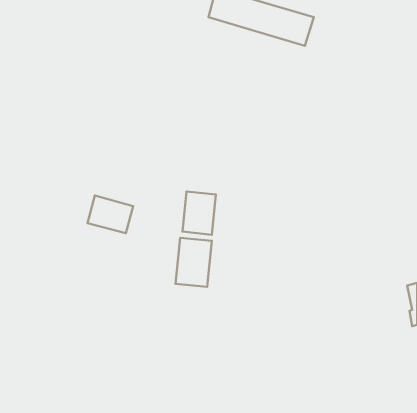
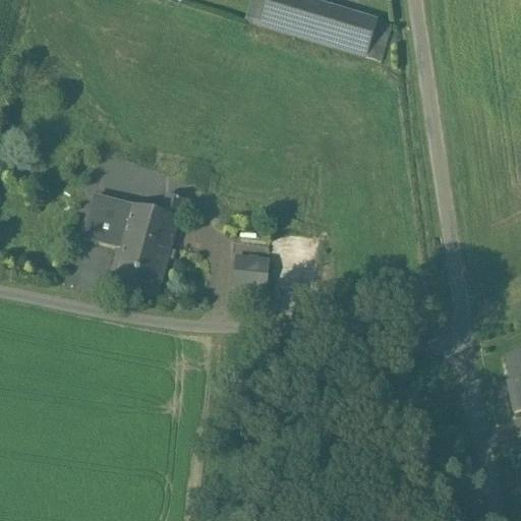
building: none -> [83,192,182,256]
building: [175,238,212,287] -> none

